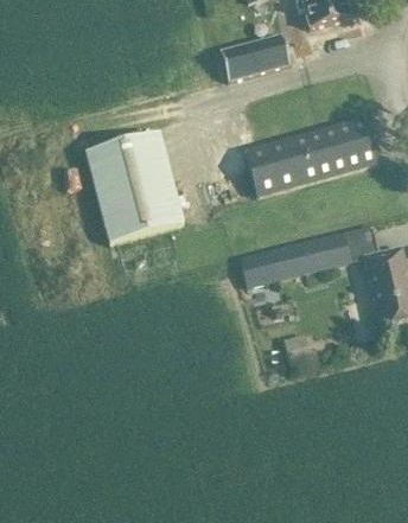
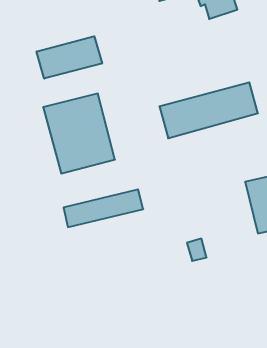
building: [222,34,291,81] -> none
building: none -> [37,36,102,79]
building: [242,232,352,285] -> [64,189,143,227]

